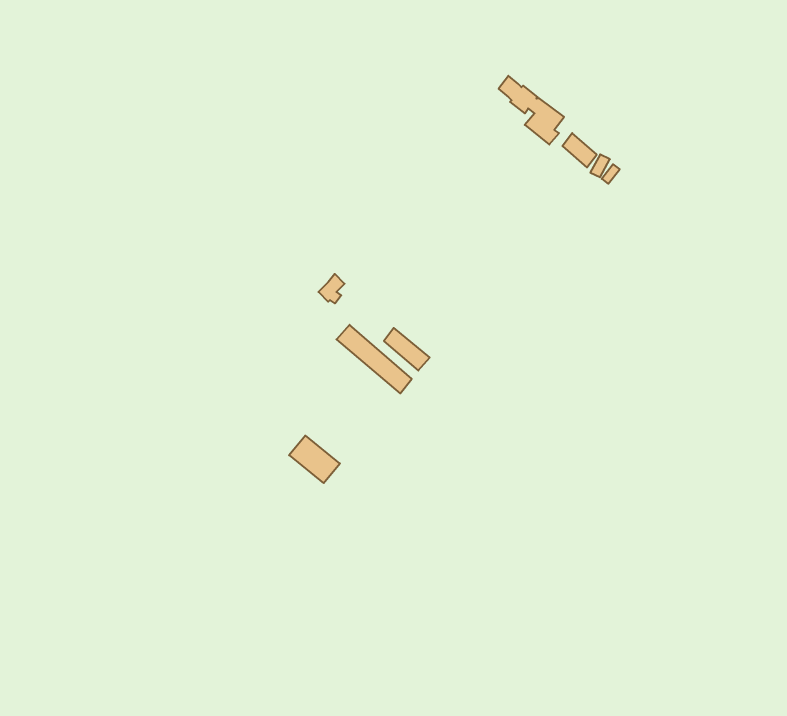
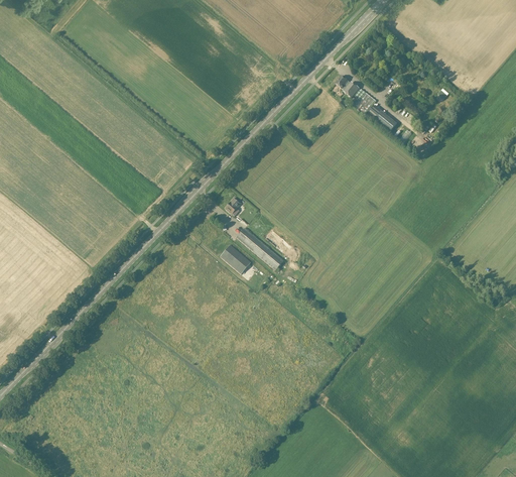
building: [289,436,340,483] -> [220,243,251,272]

